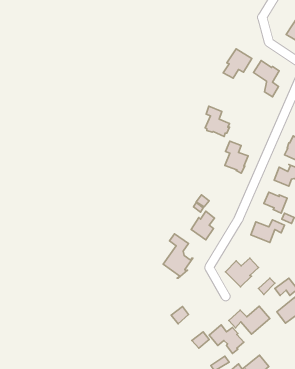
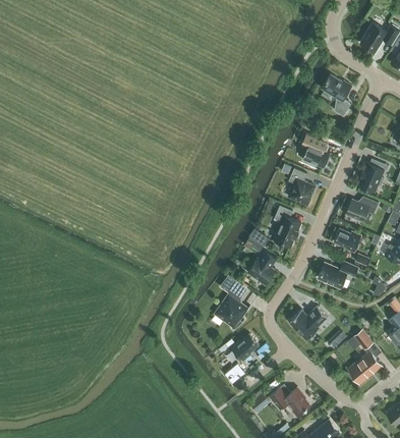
building: [223,49,252,78] -> none
building: [205,106,230,137] -> [302,132,331,168]
building: none -> [274,205,301,247]
building: none -> [232,333,260,361]
building: [229,306,270,334] -> none

